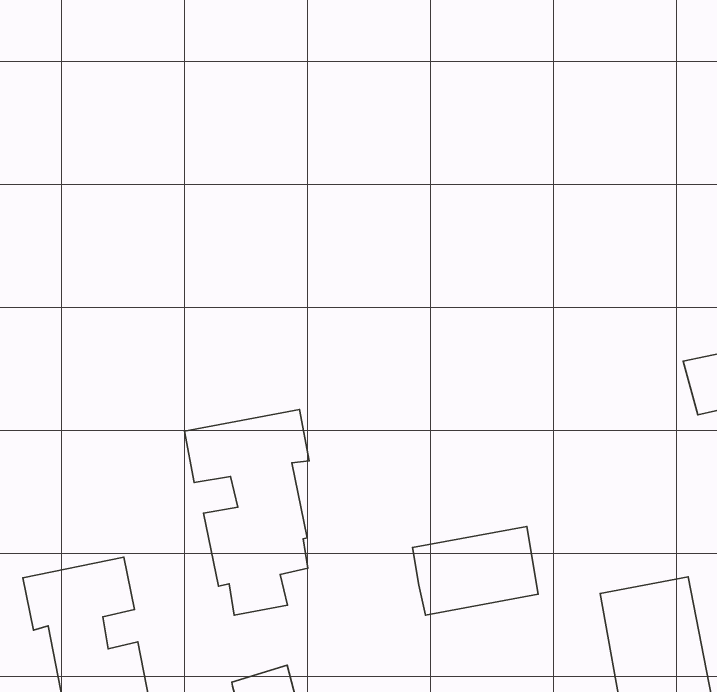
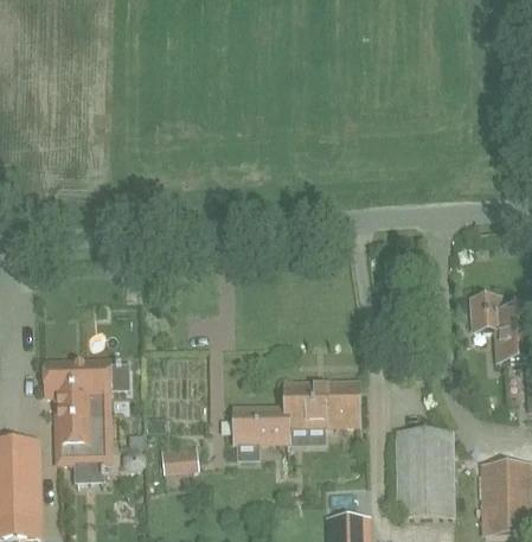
building: [185,409,309,615] -> none
building: none -> [233,407,287,441]

